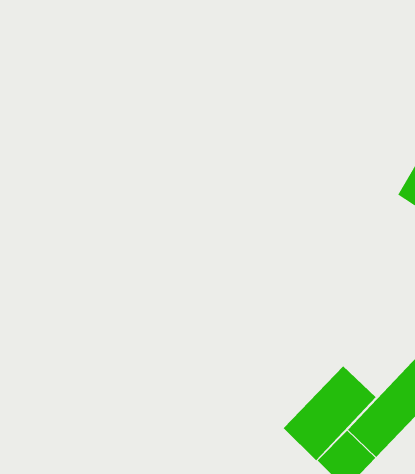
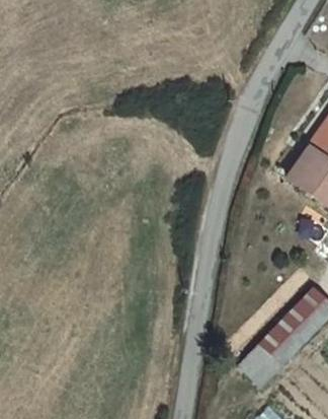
building: [283,365,376,461] -> none

